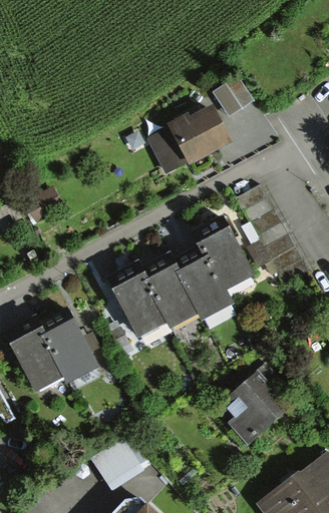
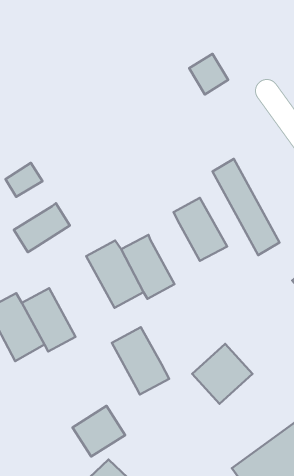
building: [149,103,235,173] -> none
building: none -> [14,203,70,252]
building: [176,250,235,320] -> [112,327,169,394]

